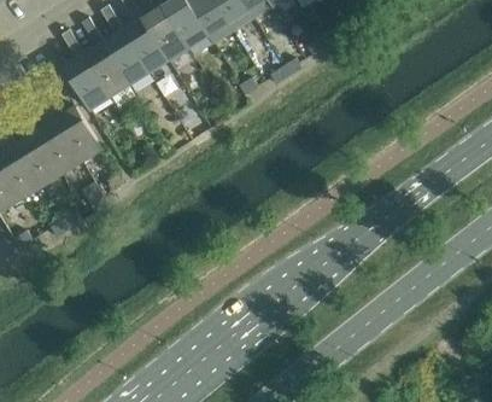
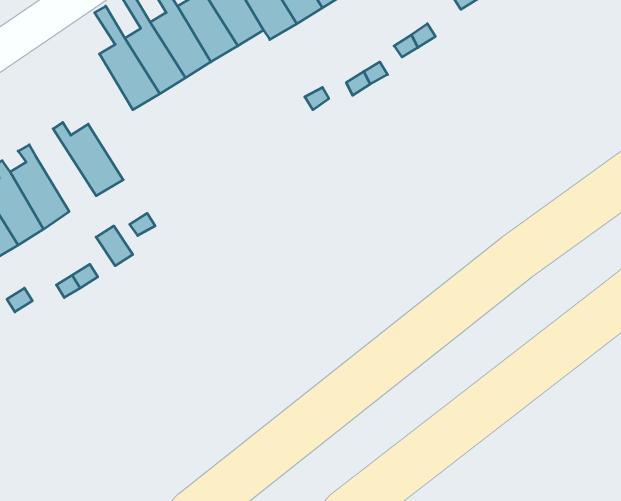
building: [60,29,109,109] -> none
building: [35,110,81,173] -> none

